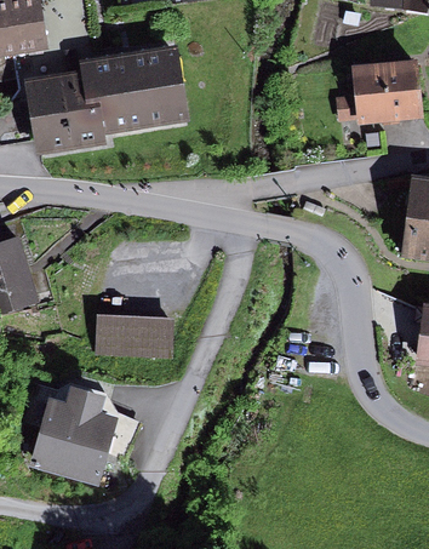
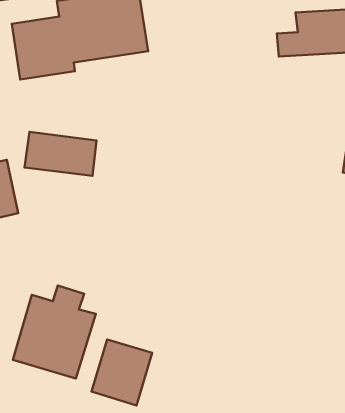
building: [92,305,176,356] -> [24,132,97,176]
building: none -> [92,340,152,406]

